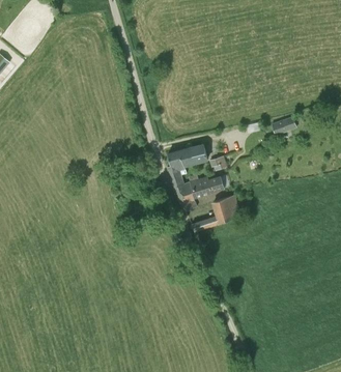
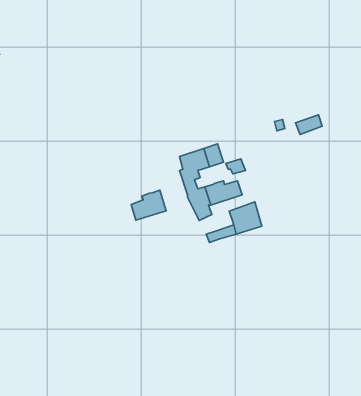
building: none -> [131,190,166,220]

